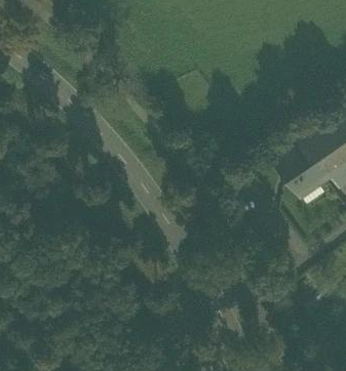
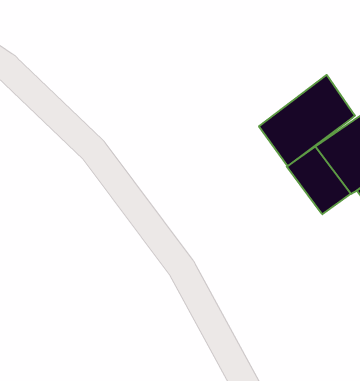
building: none -> [259,75,355,166]

